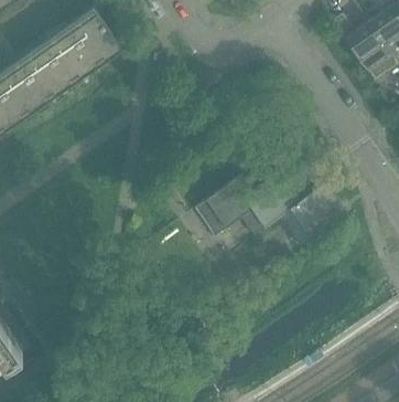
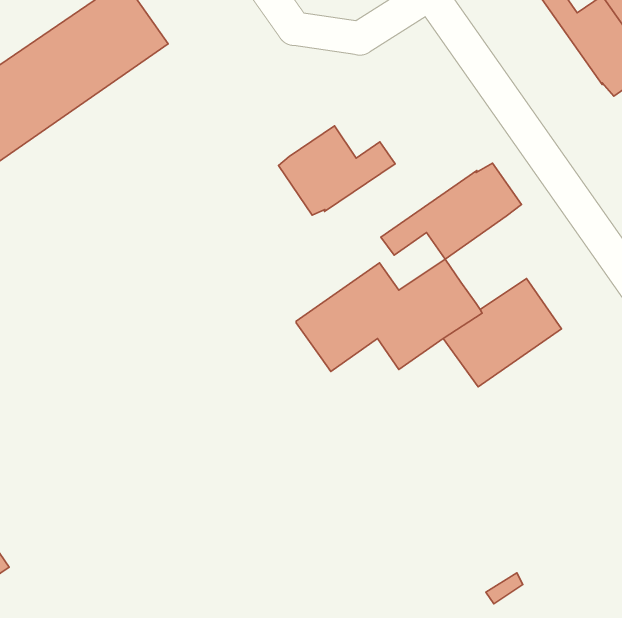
building: none -> [278,126,395,215]
building: none -> [381,163,521,259]

